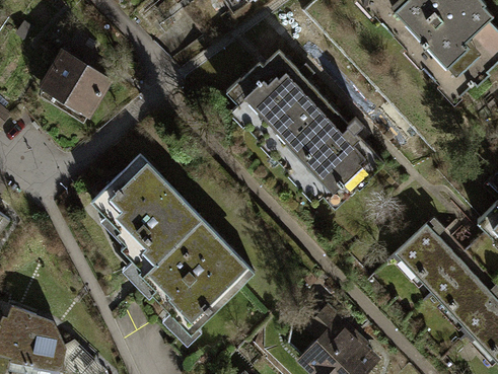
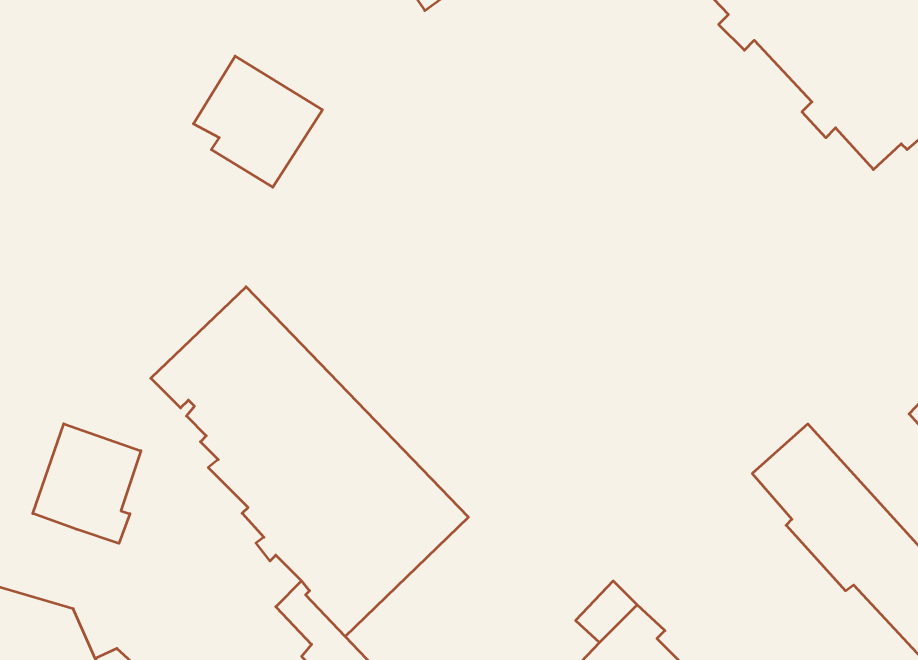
building: [227,46,384,208] -> none
building: [43,51,109,118] -> [193,56,322,187]
building: none -> [33,424,141,543]

